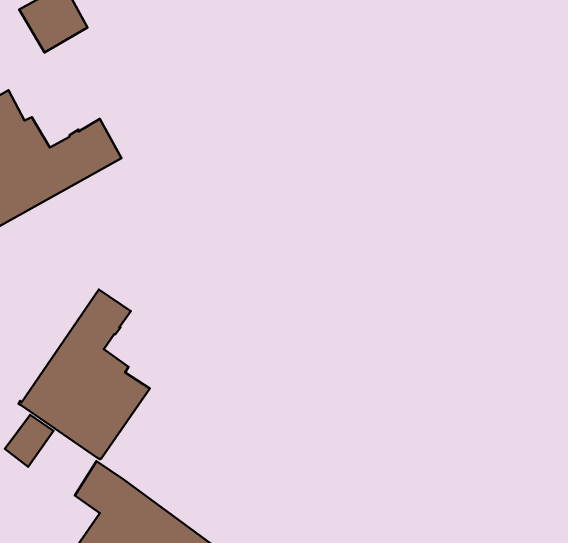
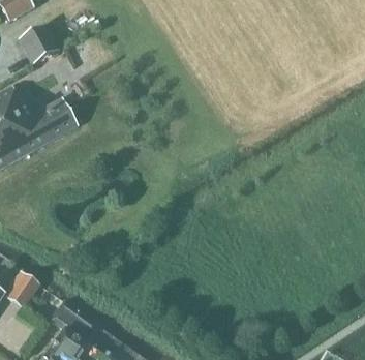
building: [19,290,150,459] -> none

